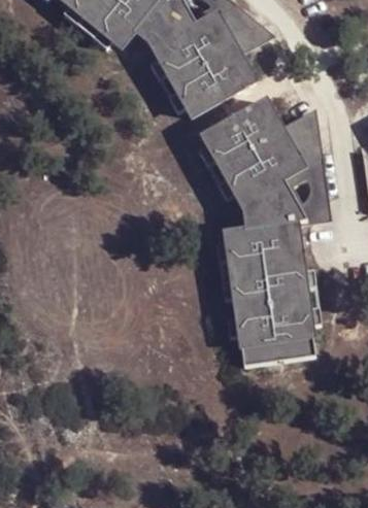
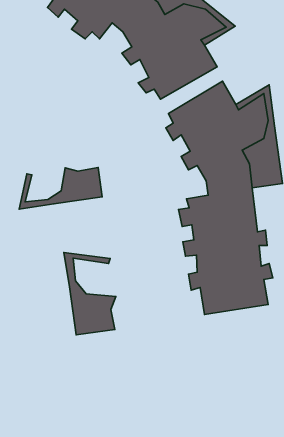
building: none -> [19,168,102,209]
building: none -> [64,253,116,335]

